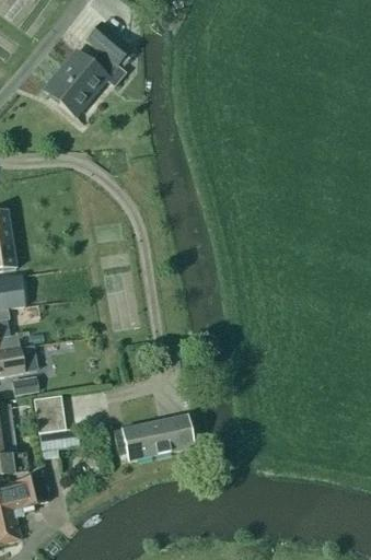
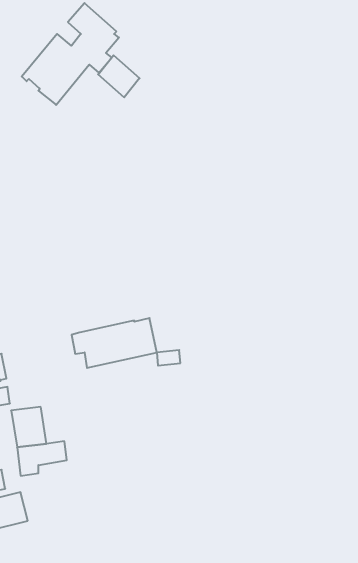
building: none -> [98,55,140,97]
building: [115,415,194,460] -> [72,318,157,368]

